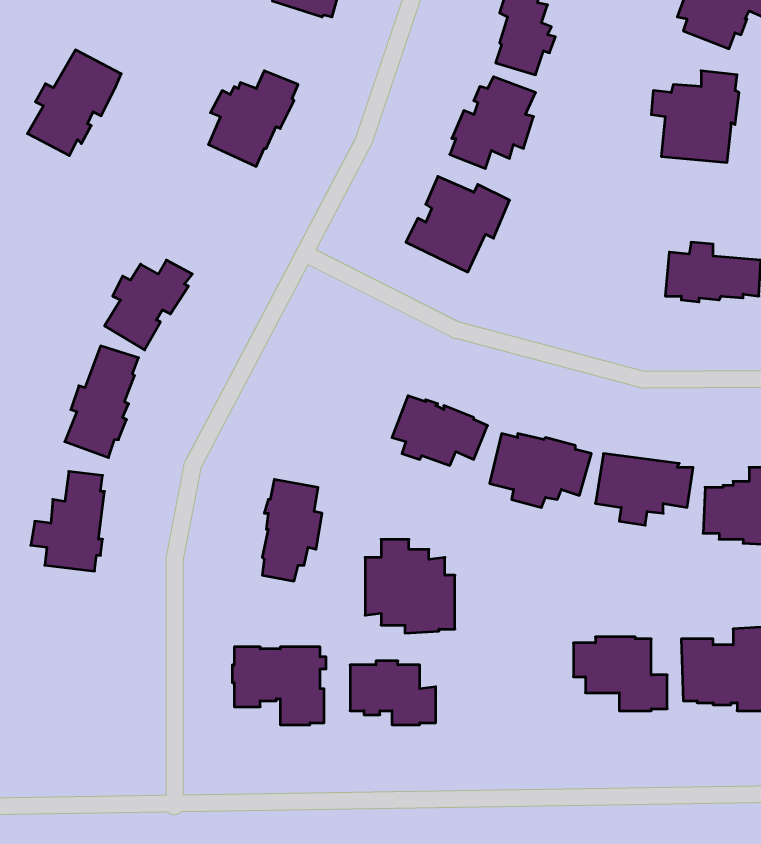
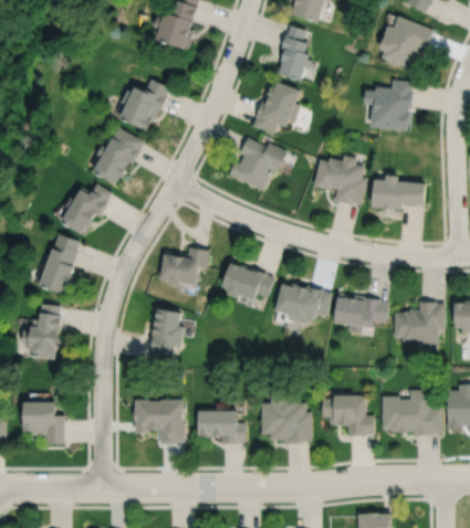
building: [27,50,121,156] -> [92,129,144,188]
building: none -> [314,156,367,204]
building: none -> [159,245,208,285]
building: [365,539,455,633] -> [261,392,311,444]
building: none -> [23,401,65,444]

